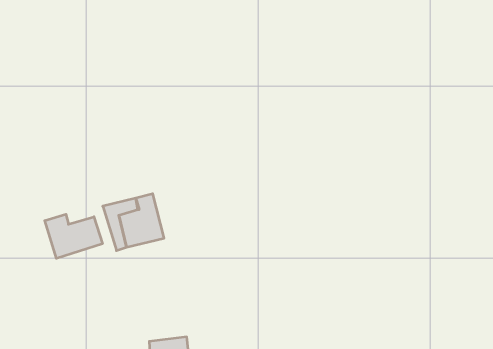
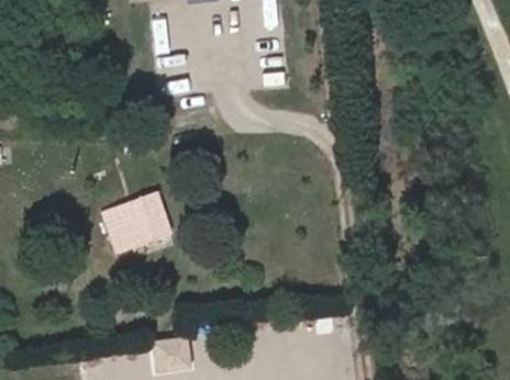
building: [45,214,102,258] -> none

